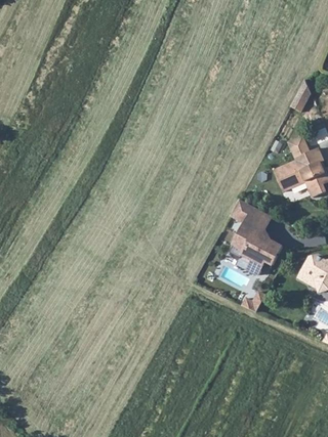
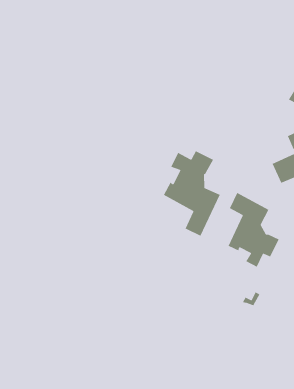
building: none -> [163,150,221,237]

